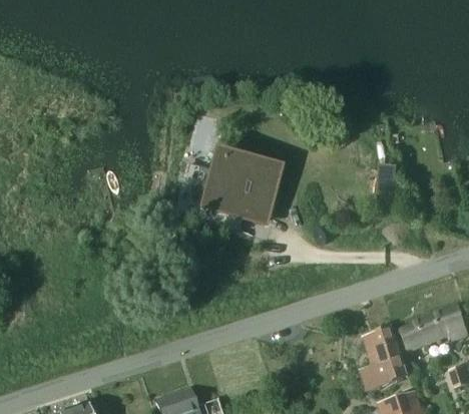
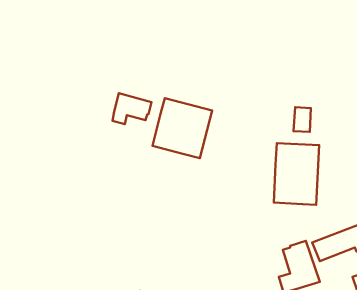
building: none -> [112,93,152,124]
building: none -> [274,143,319,205]

